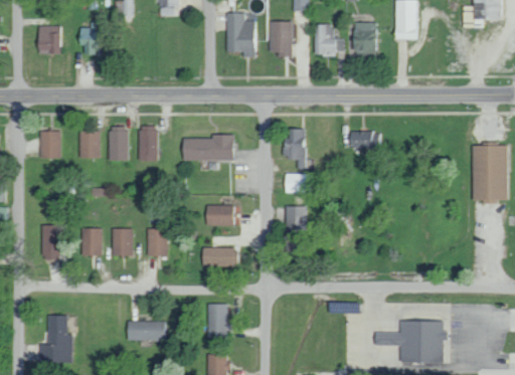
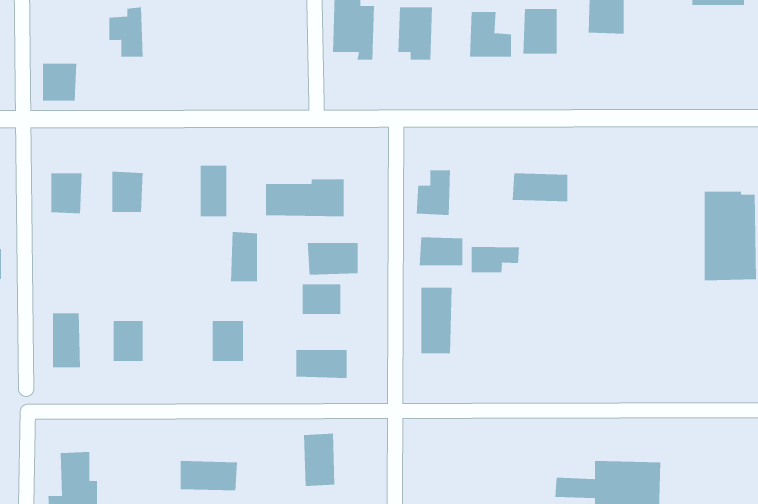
building: [37,27,60,52] -> [42,63,77,101]
building: [110,127,128,160] -> [230,232,258,282]
building: none -> [307,242,358,276]
building: none -> [471,246,520,273]
building: [112,229,133,256] -> none

